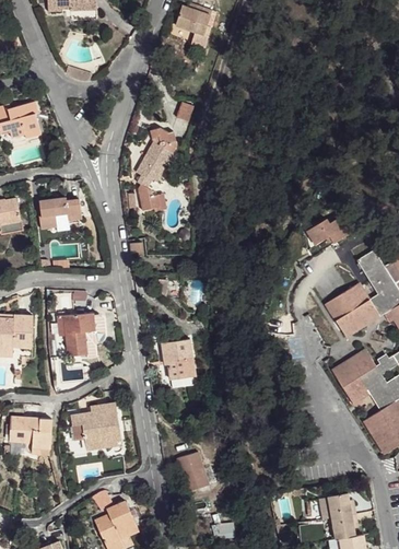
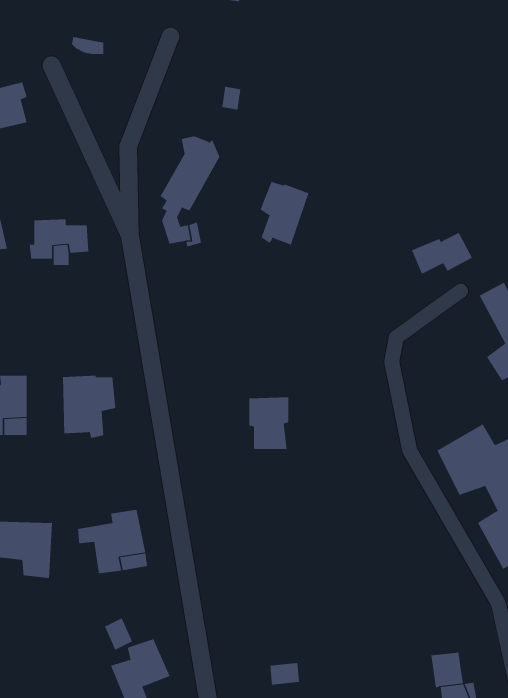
building: none -> [260,181,309,246]
building: [324,282,379,336] -> none
building: [159,342,188,381] -> [248,397,289,449]
building: [175,449,208,490] -> none
building: [325,492,349,515] -> none

